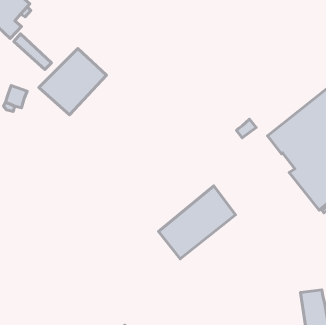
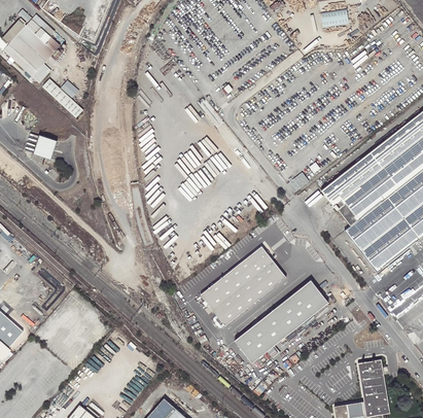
building: [39,49,107,115] -> none
building: none -> [235,280,328,362]

